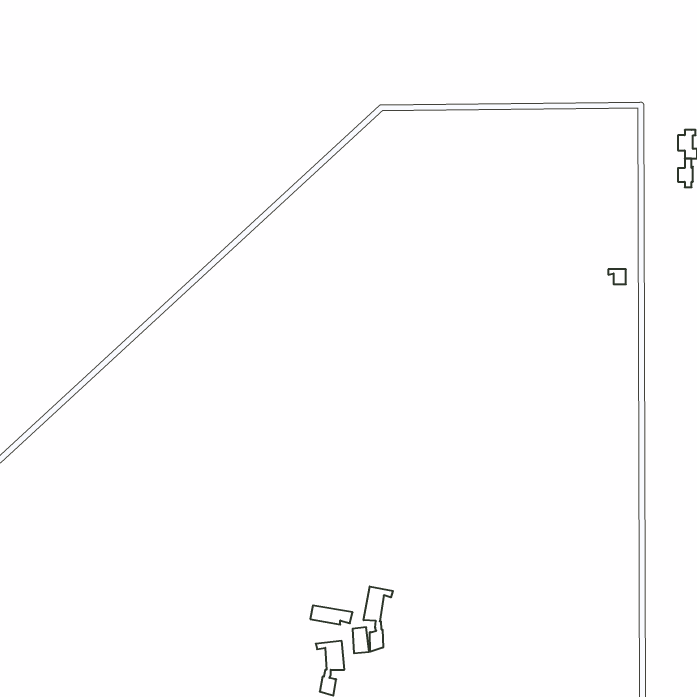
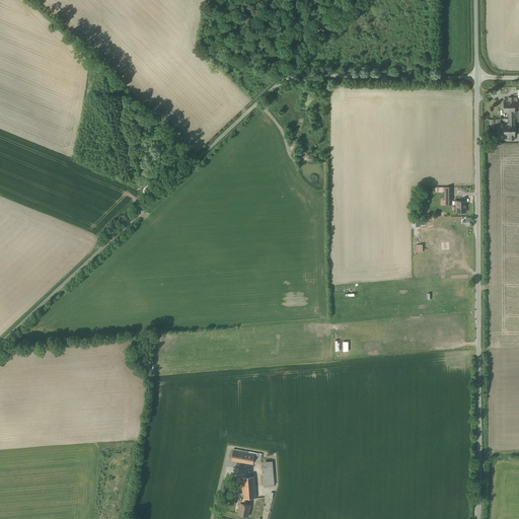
building: [364,586,393,652] -> none

